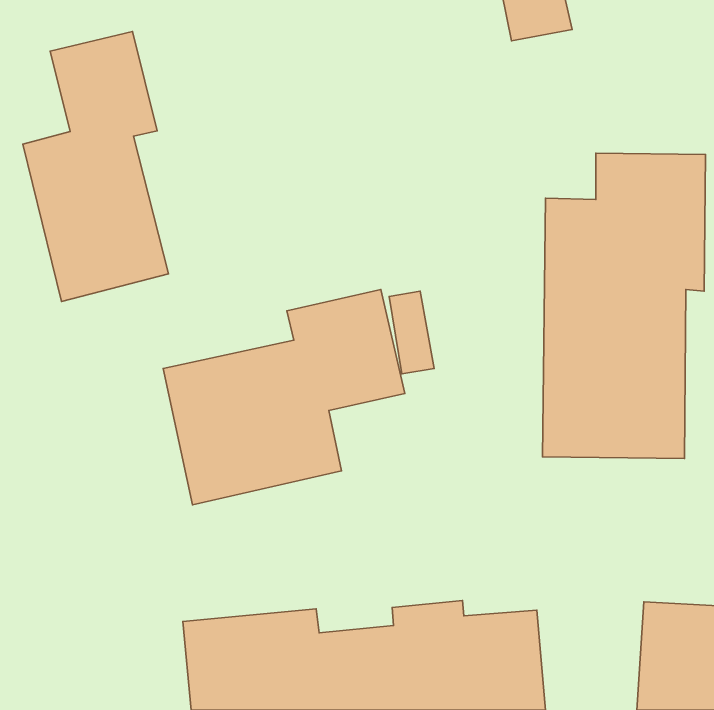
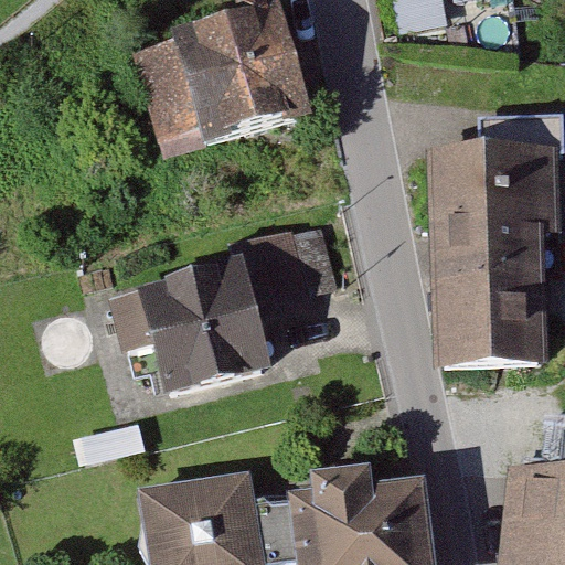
building: none -> [143,10,297,153]
building: [23,31,169,302] -> none

